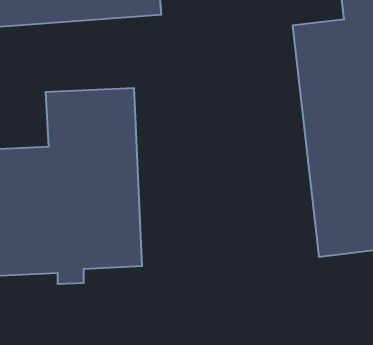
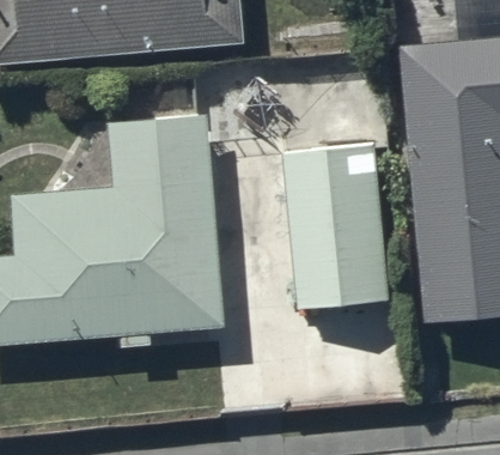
building: none -> [279,145,390,303]

